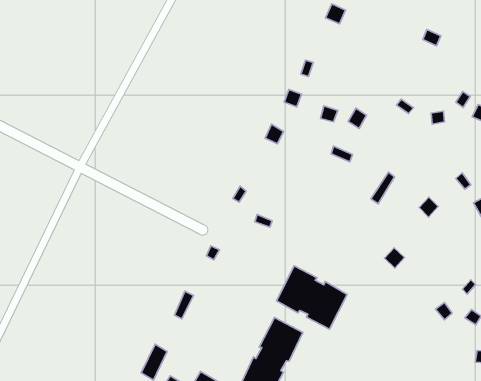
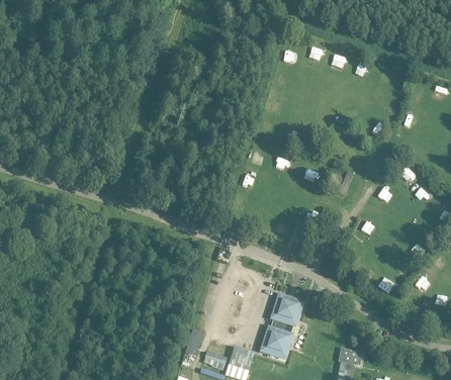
building: [277,266,347,329] -> none

